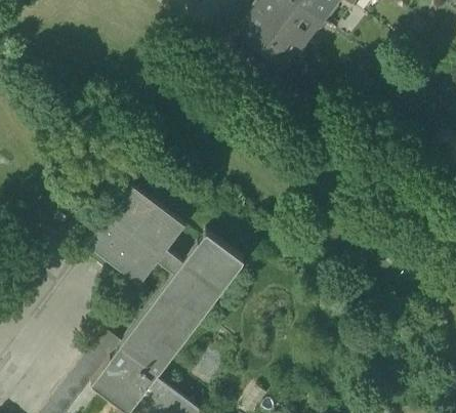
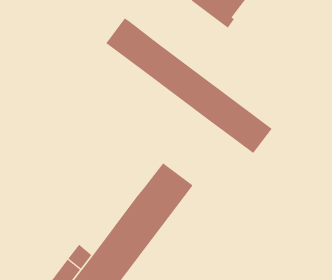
building: none -> [105,17,273,154]
building: [86,184,184,284] -> none

